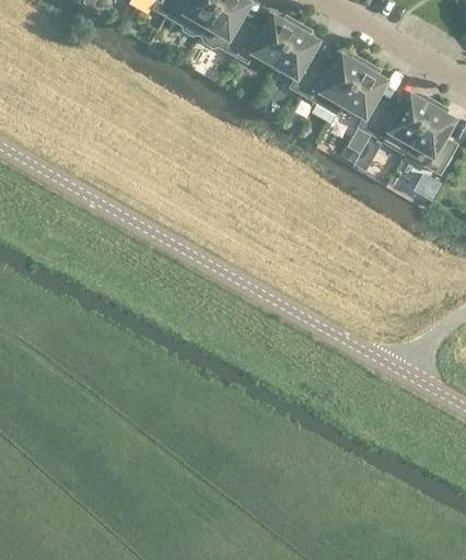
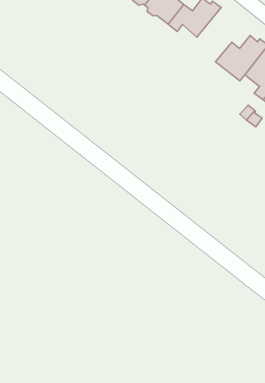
building: [275,23,321,94] -> none

